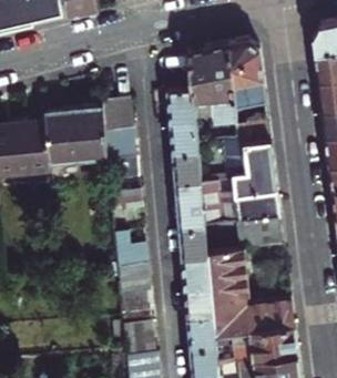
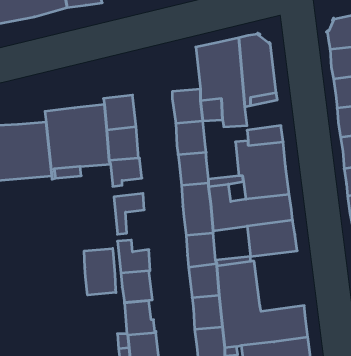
building: none -> [84,248,116,295]

